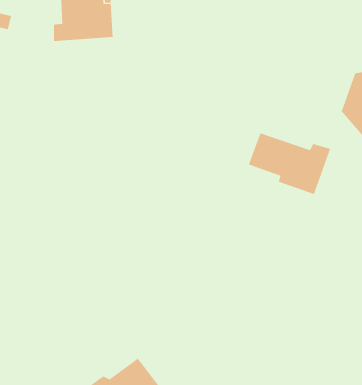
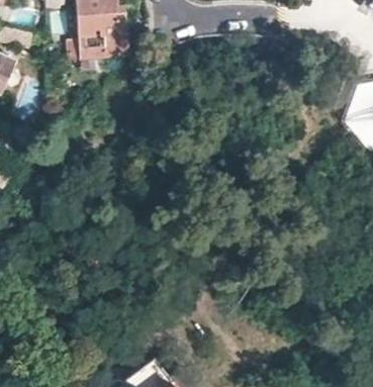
building: [248,132,331,195] -> none

